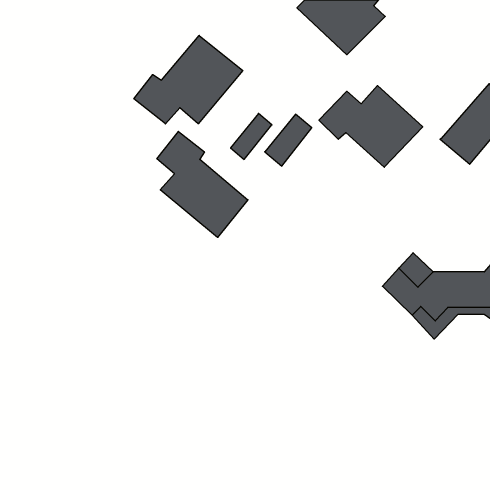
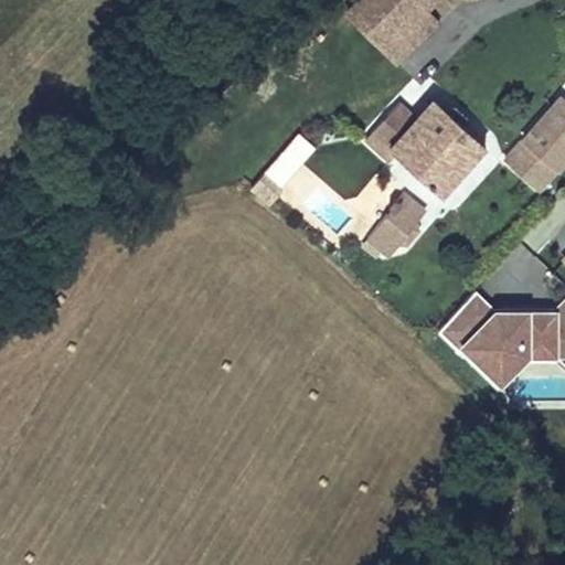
building: [134,35,243,124] -> none
building: [265,114,312,166] -> [370,196,424,256]
building: [157,131,248,237] -> none

